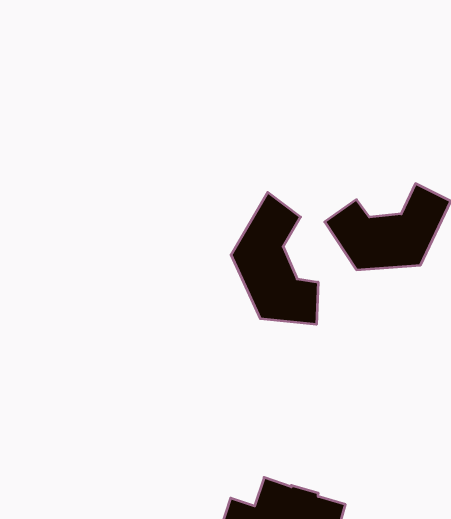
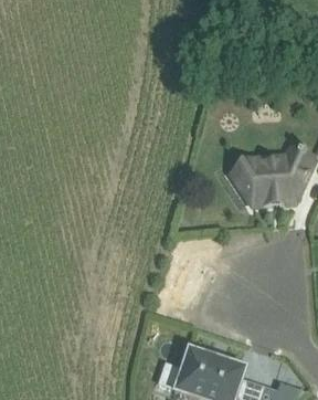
building: [231,192,318,324] -> none

